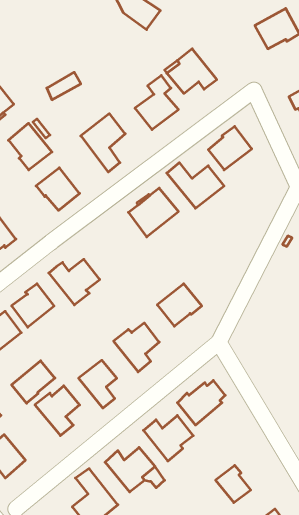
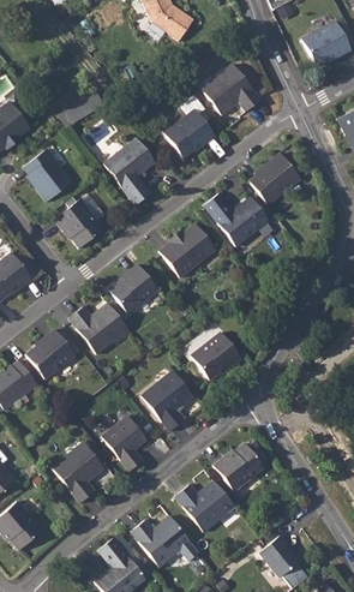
building: none -> [109,264,156,312]
building: [12,361,55,403] -> none

